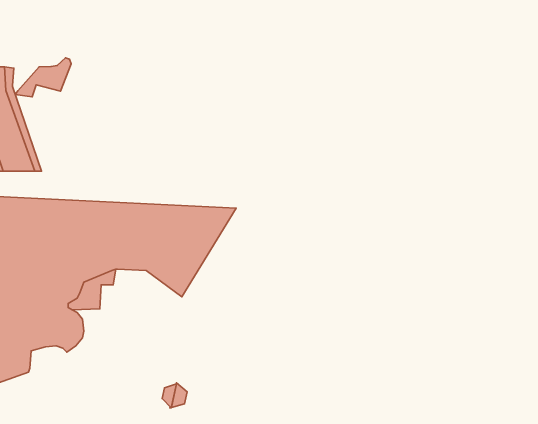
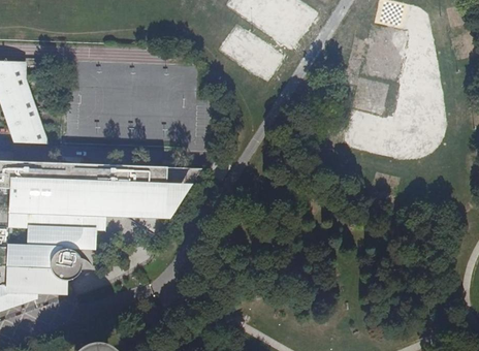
building: [15,58,71,97] -> none
building: none -> [38,278,67,295]

